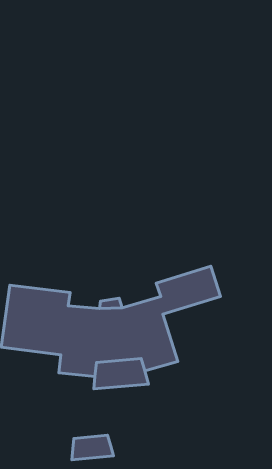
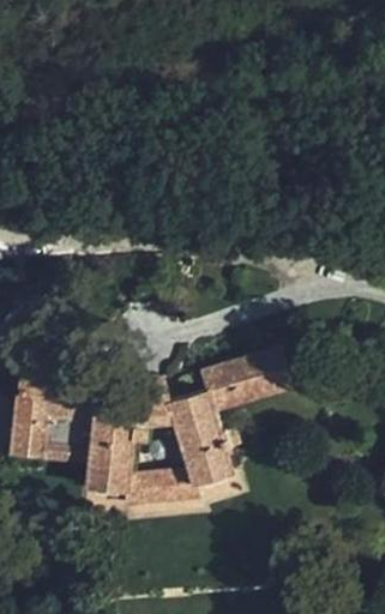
building: [72,435,113,460] -> none

